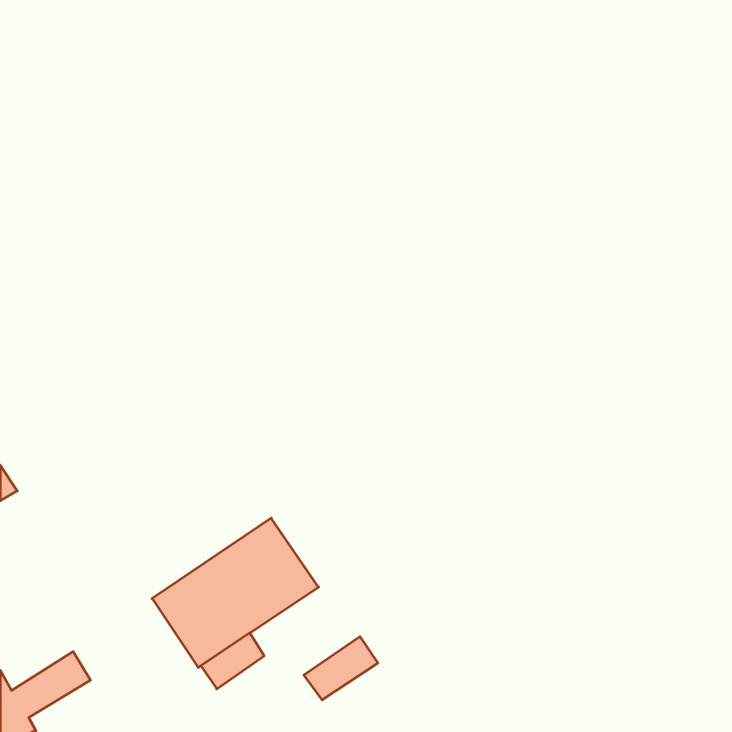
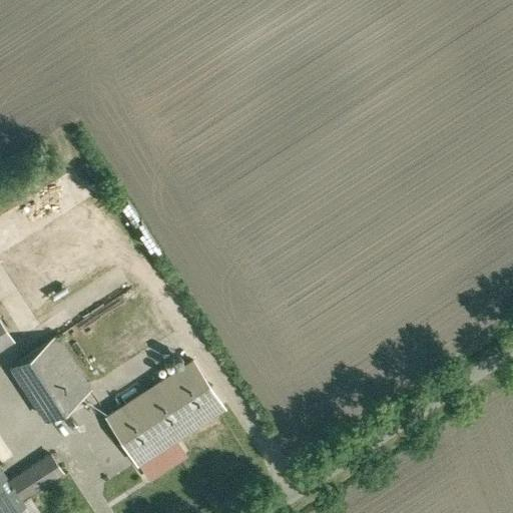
building: none -> [9,340,88,421]
building: [304,637,378,700] -> none

